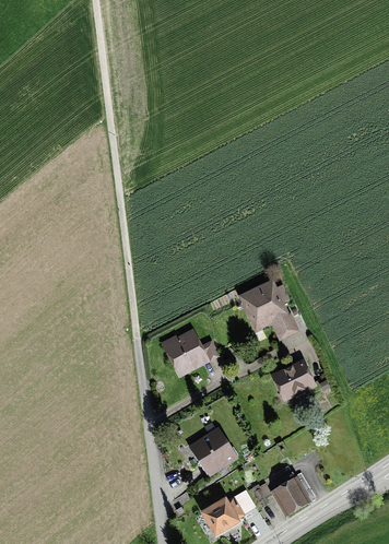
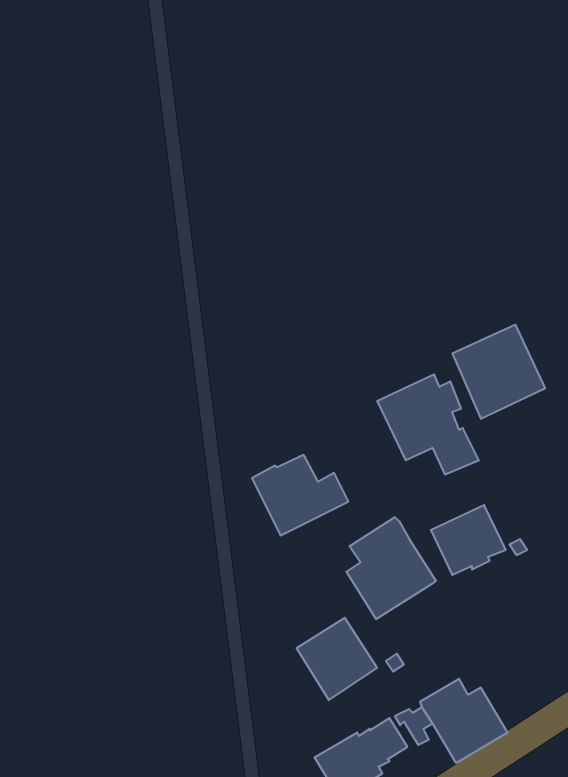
building: none -> [452,325,545,419]
building: none -> [346,517,436,619]

